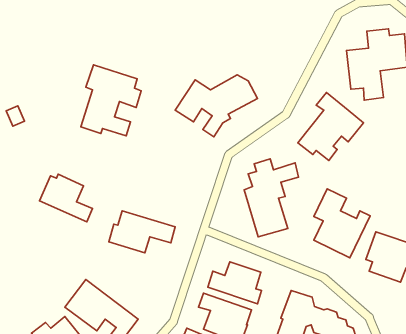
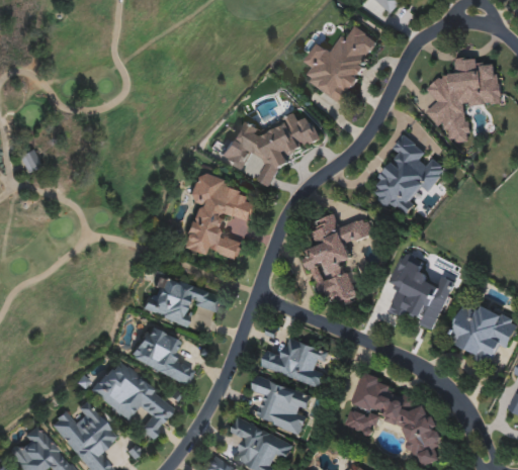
building: none -> [304,27,379,104]
building: [81,65,141,136] -> [181,173,254,259]
building: [40,174,93,222] -> [128,327,192,385]

